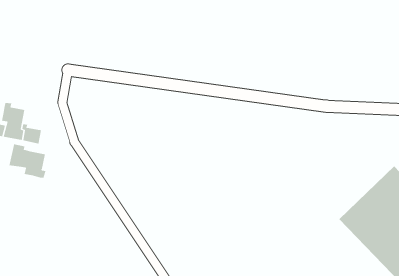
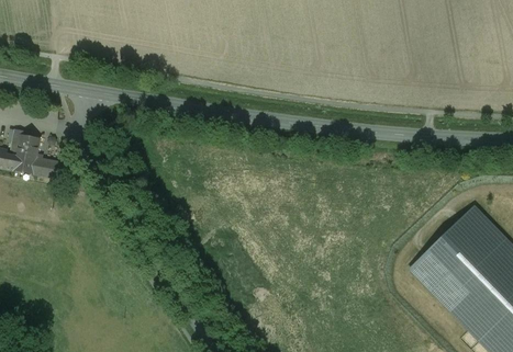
building: [9,144,46,179] -> none

